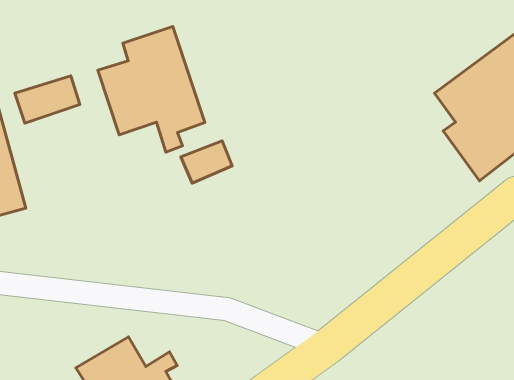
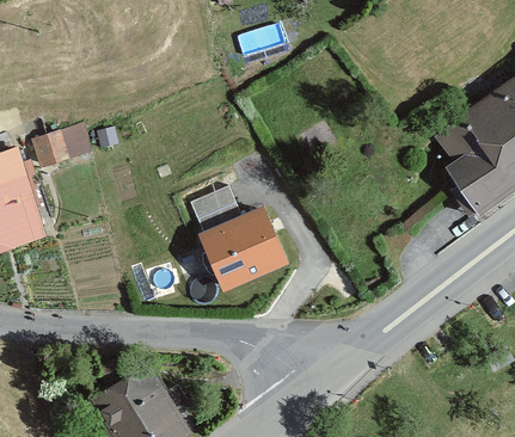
building: [98,27,205,152] -> none
building: none -> [200,209,288,291]

